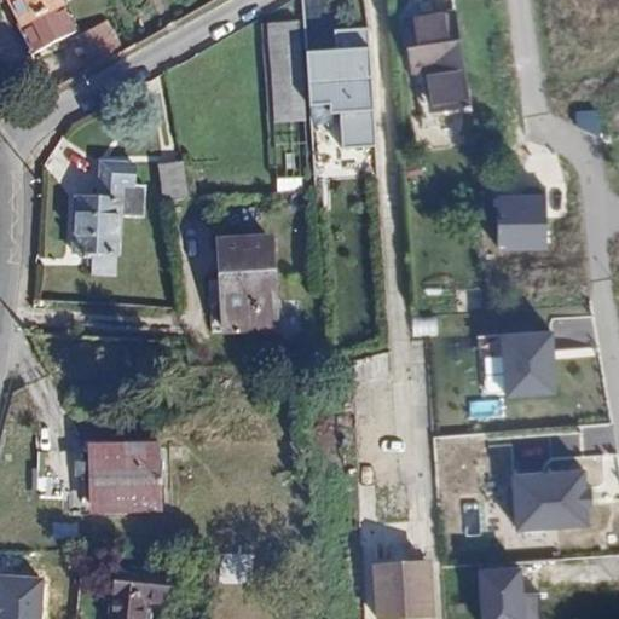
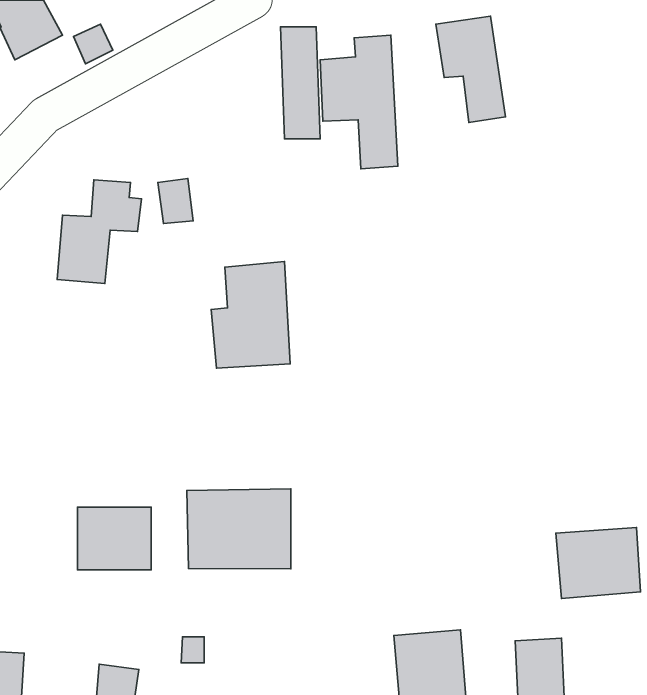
building: [497,191,545,249] -> none
building: [503,329,556,395] -> none
building: none -> [187,489,291,569]

